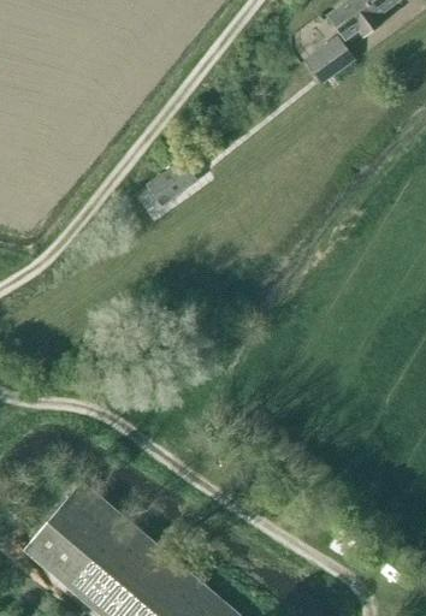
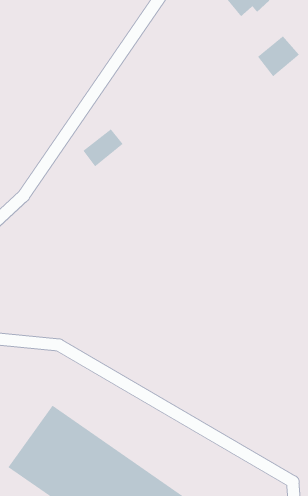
building: [297,40,348,88] -> [257,36,300,77]

